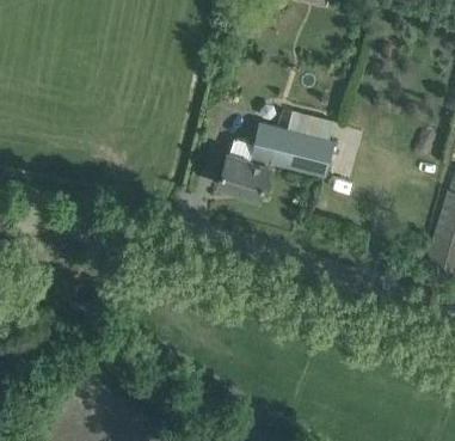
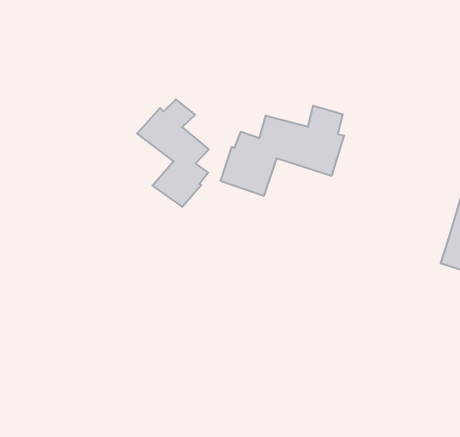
building: none -> [137,99,209,207]

